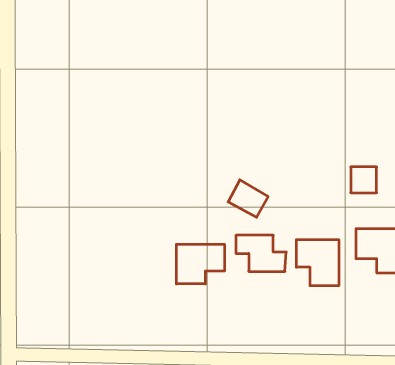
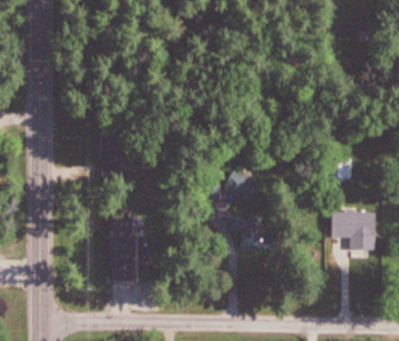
building: [296,240,339,286] -> none
building: [176,244,224,284] -> none

